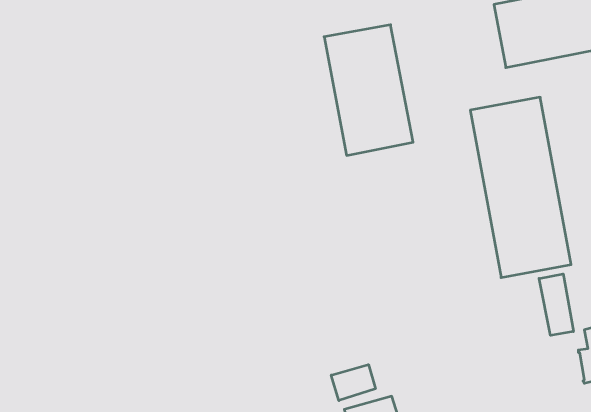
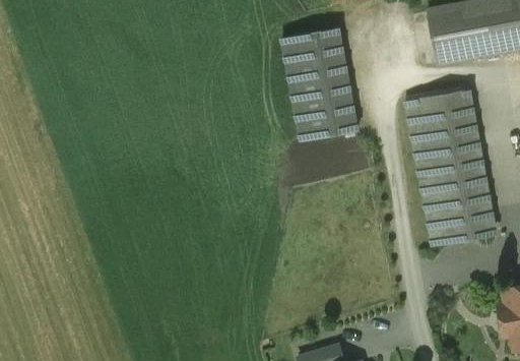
building: [539,274,573,335] -> none
building: [331,365,375,401] -> none

